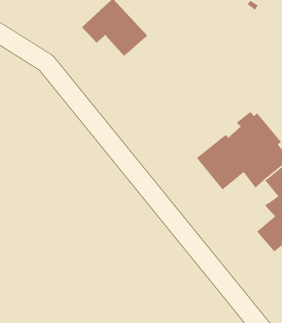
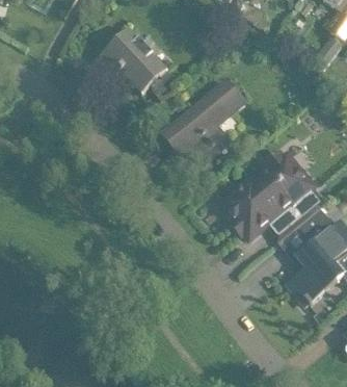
building: none -> [162,80,244,165]

